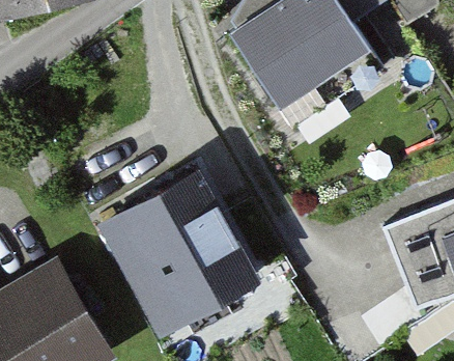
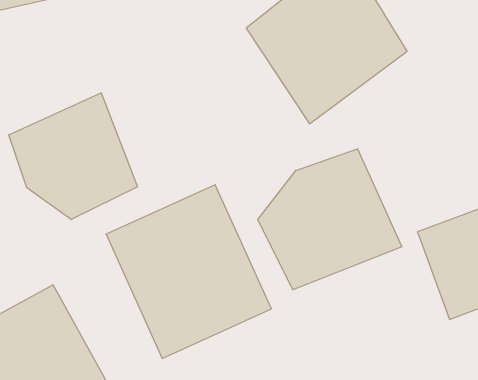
building: none -> [9,93,137,220]
building: none -> [258,149,402,290]

